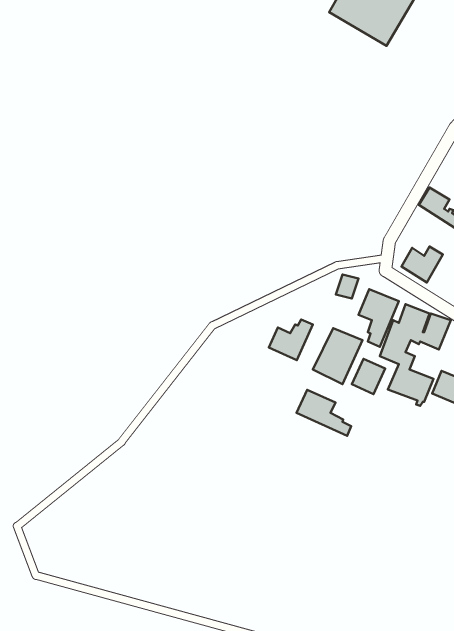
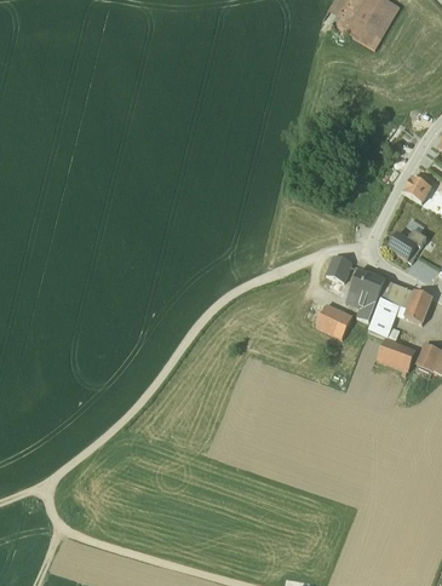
building: [269,320,313,360] -> none
building: [352,359,385,394] -> none
building: [297,390,351,436] -> none

